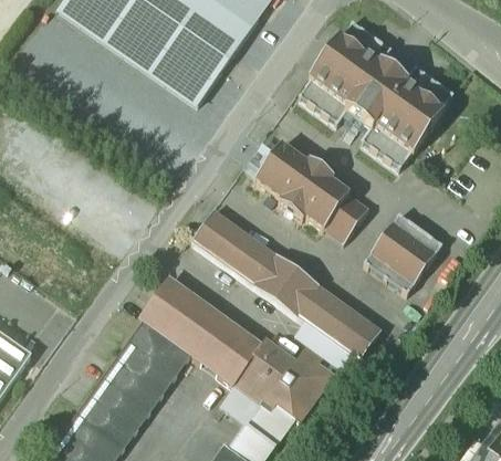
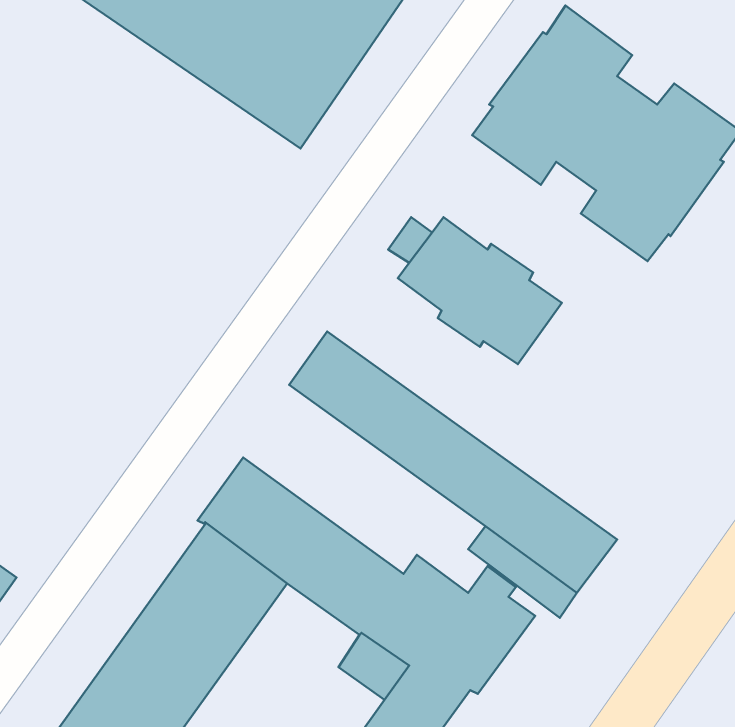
building: [324,192,369,242] -> none
building: [363,213,442,294] -> none

